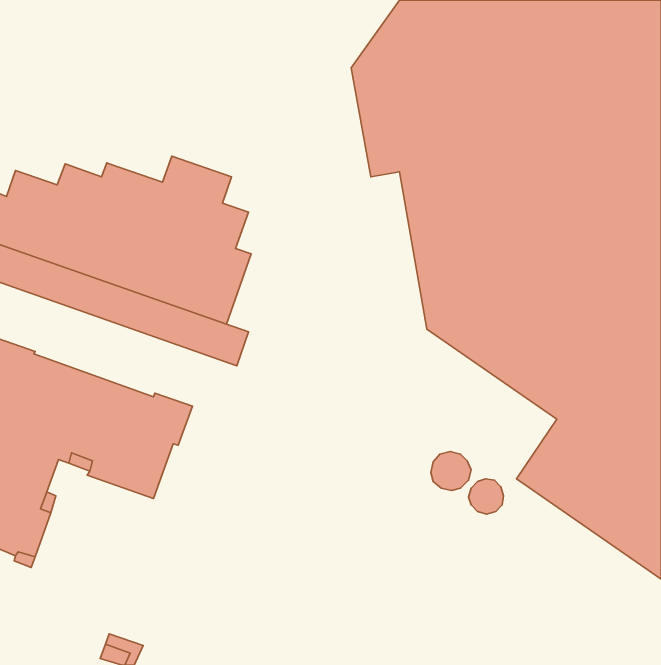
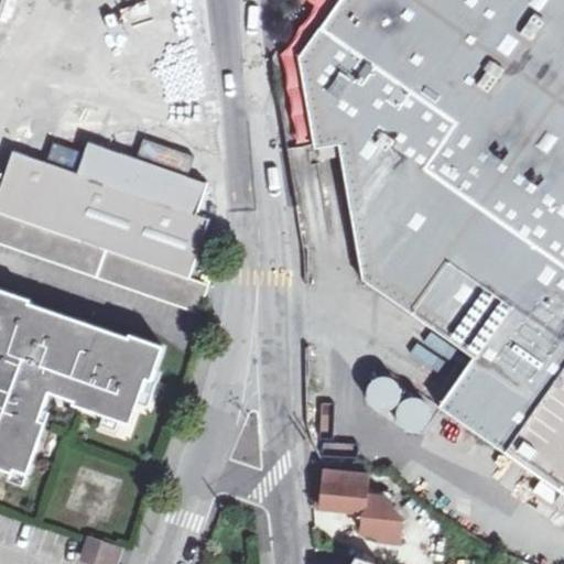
building: none -> [316,473,395,544]

